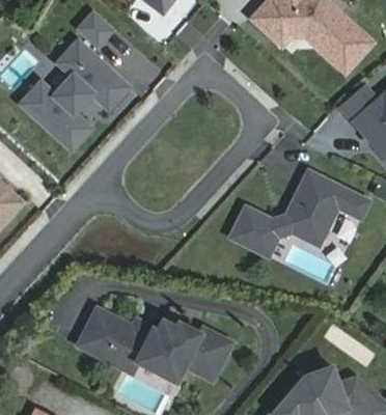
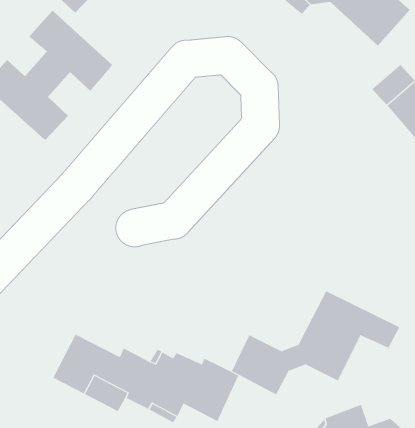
building: [229,170,368,256] -> [231,290,400,395]

